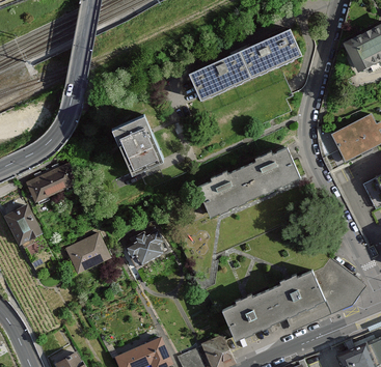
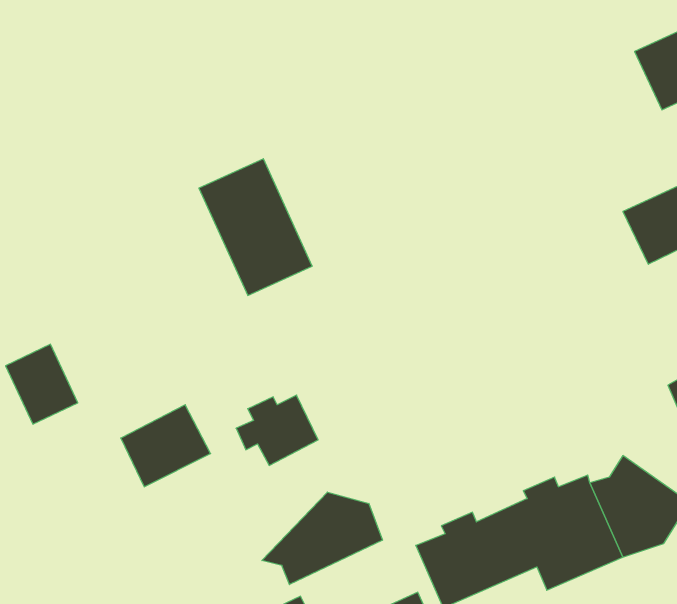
building: [188,28,301,102] -> none
building: [194,144,300,219] -> none
building: [27,165,74,200] -> none
building: none -> [262,492,382,585]

